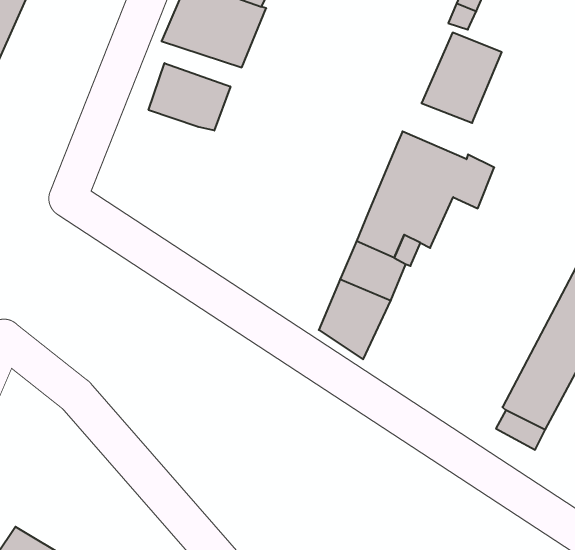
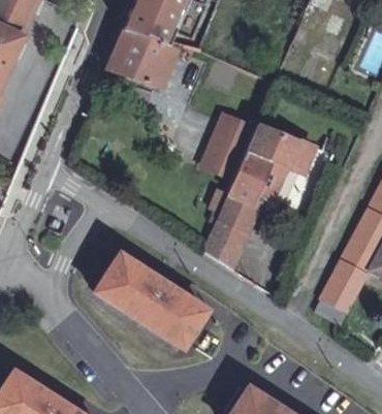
building: [421,33,502,123] -> [204,119,255,176]
building: [149,63,230,131] -> none
building: none -> [96,255,206,346]

